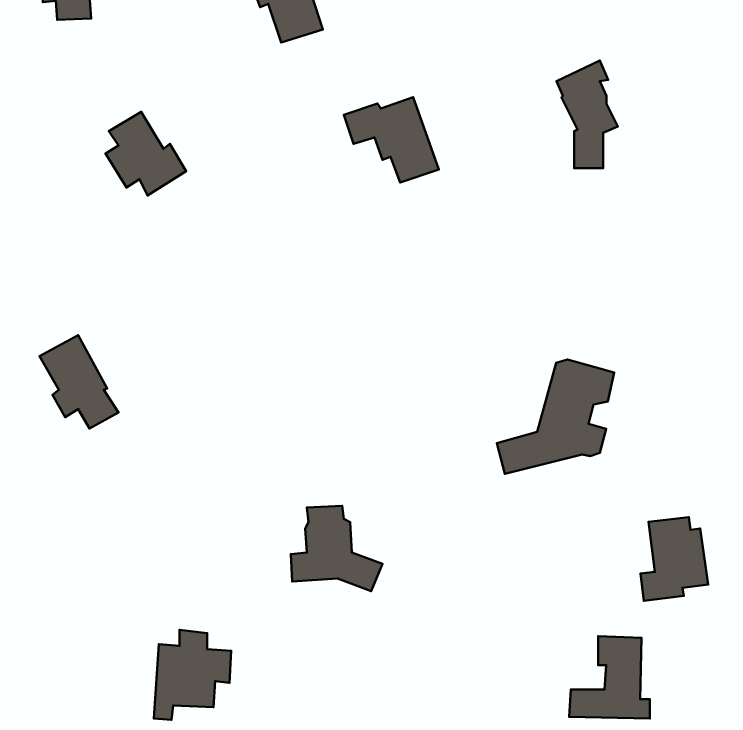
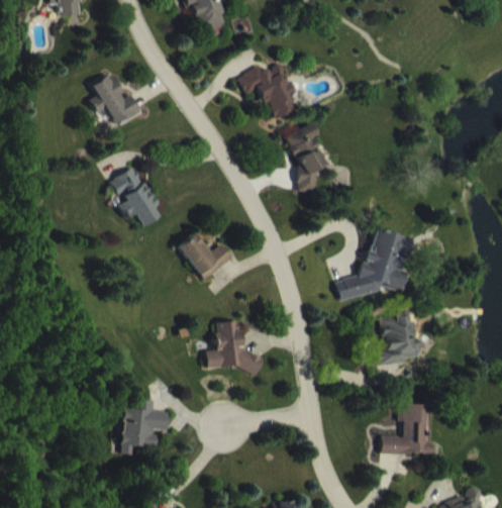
building: [557,60,618,168] -> [288,123,326,191]
building: [39,335,118,429] -> [111,168,161,226]
building: none -> [179,233,234,281]
building: [641,517,708,601] -> [377,313,419,366]

